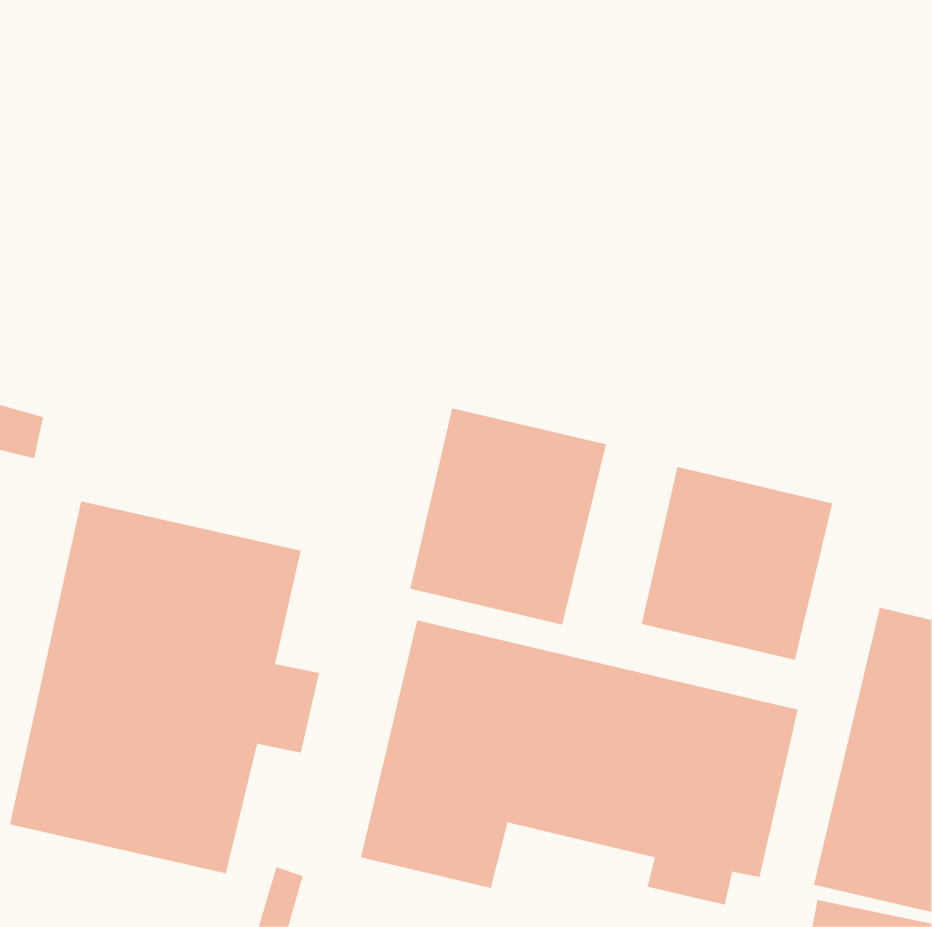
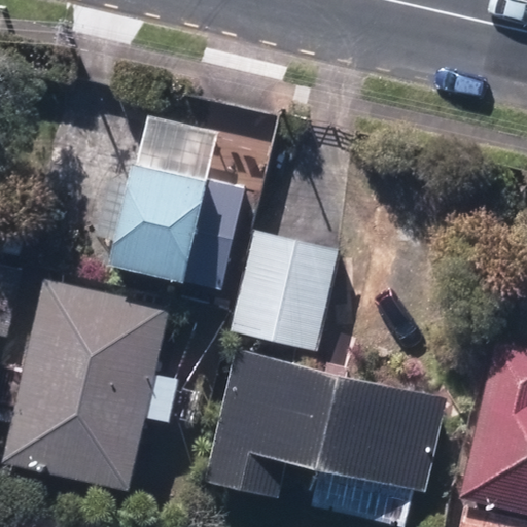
building: none -> [96,117,246,291]
building: [641,466,833,660] -> none

